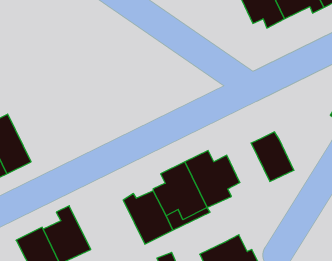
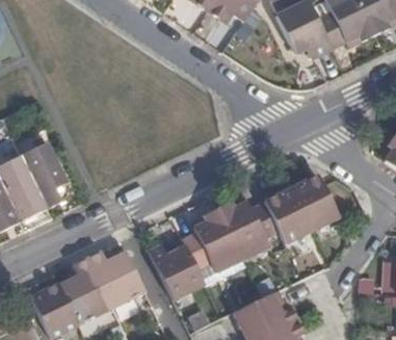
building: none -> [21,141,69,208]
building: none -> [265,187,313,243]
building: none -> [89,250,146,306]

